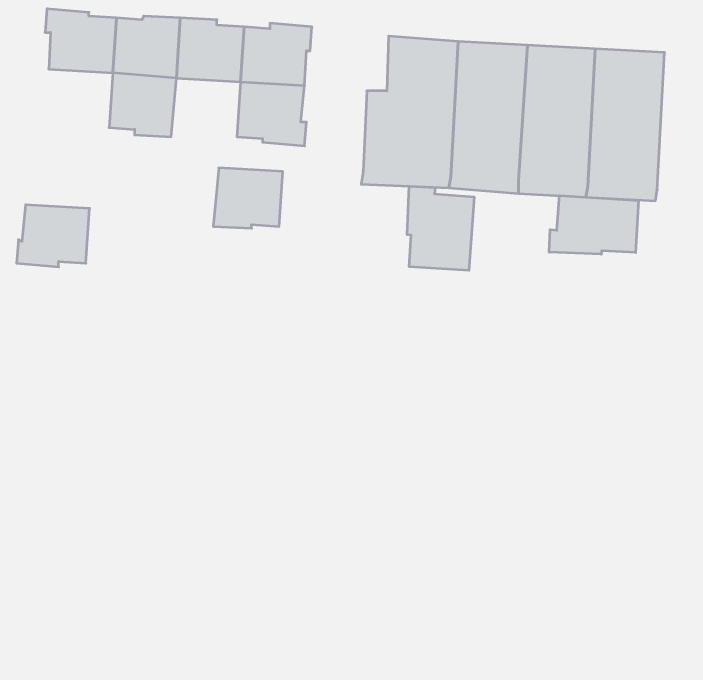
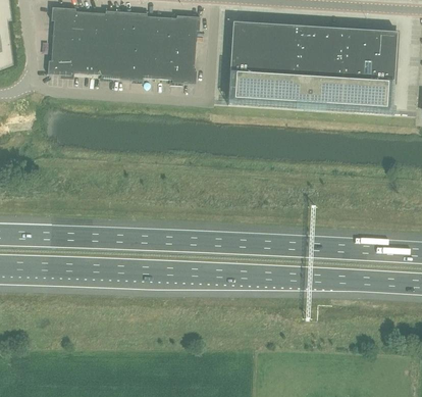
building: [213,168,283,228] -> [121,46,160,80]
building: [407,186,474,270] -> none
building: [549,196,638,254] -> none
building: [17,205,90,267] -> [48,41,89,76]

